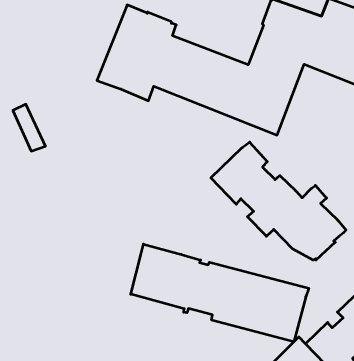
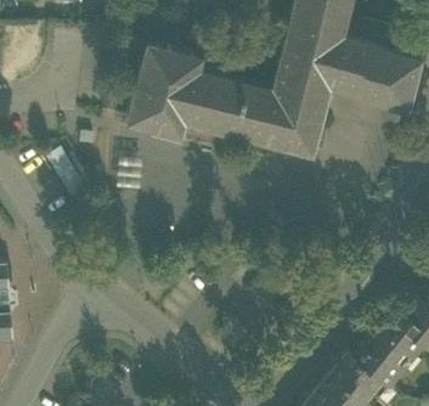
building: [211,142,346,260] -> none
building: [131,244,309,342] -> none

